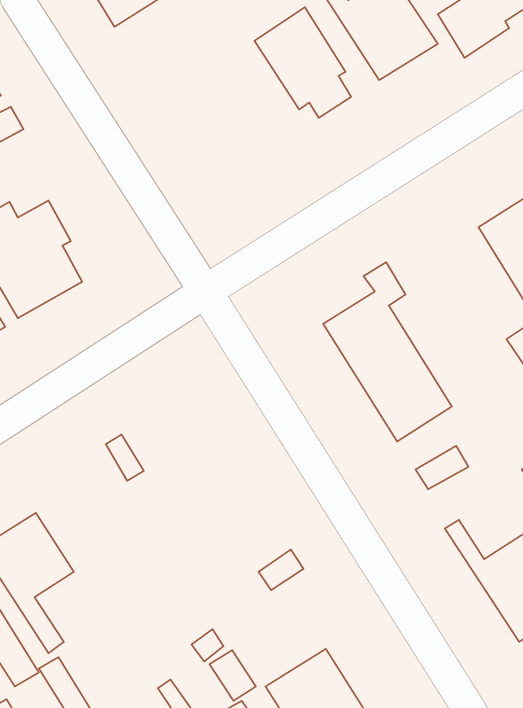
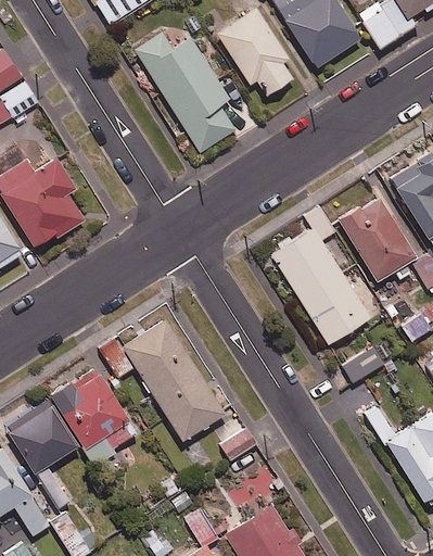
building: none -> [135,31,235,151]
building: none -> [342,201,417,281]
building: none -> [123,318,225,440]
building: none -> [52,374,136,464]

